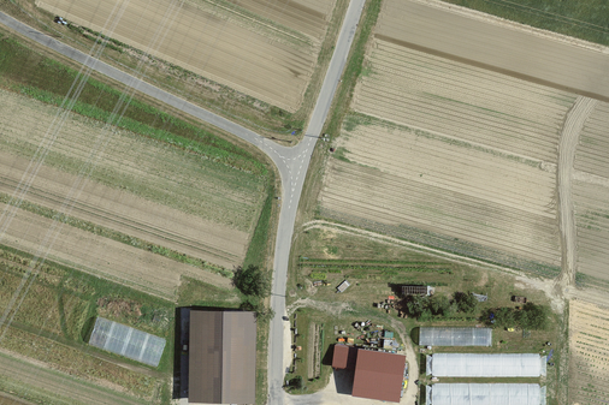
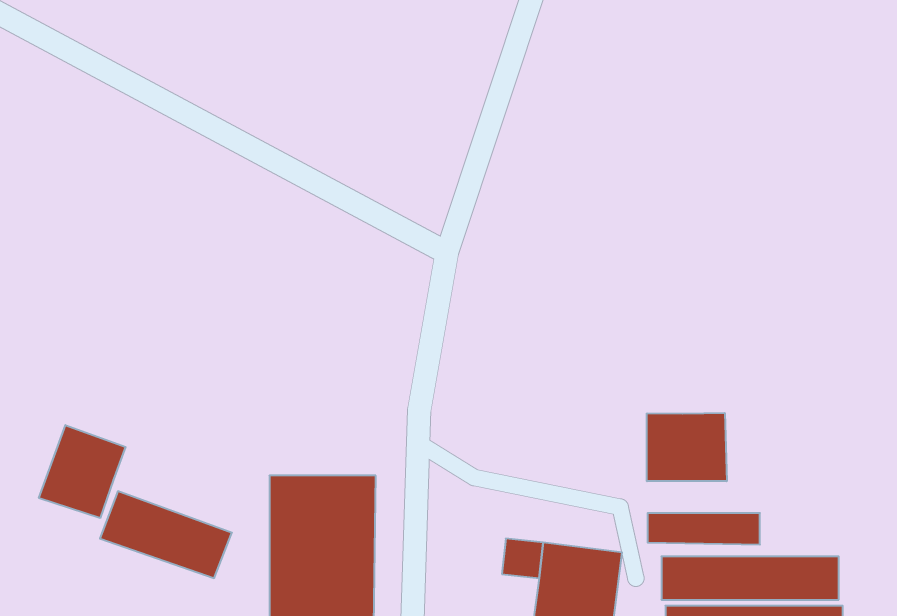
building: none -> [647,413,727,481]
building: none -> [39,425,126,518]

